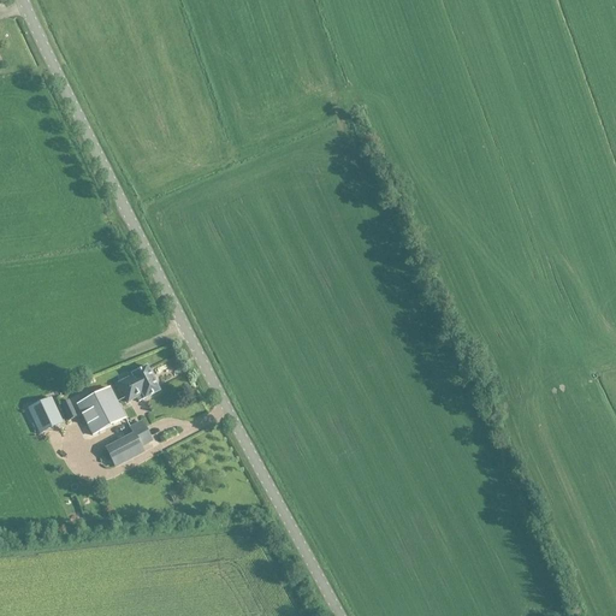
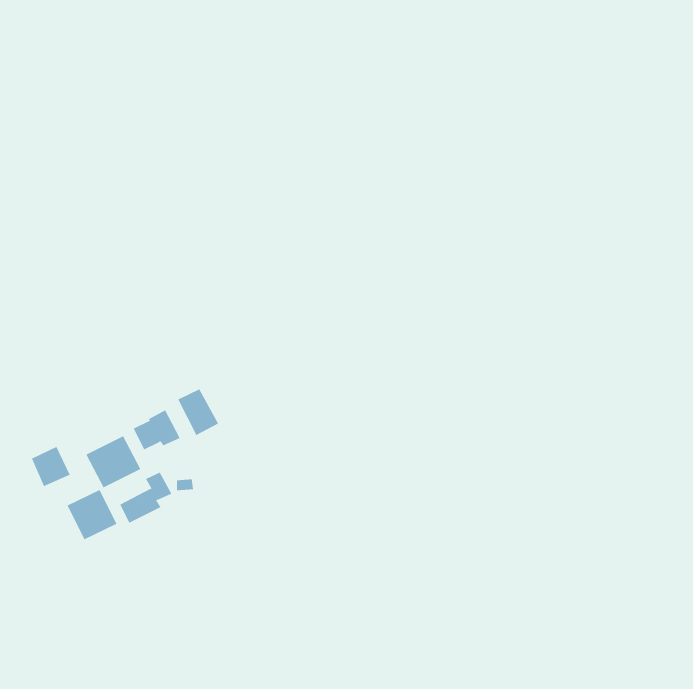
building: none -> [178,388,219,436]
building: none -> [67,489,117,540]

